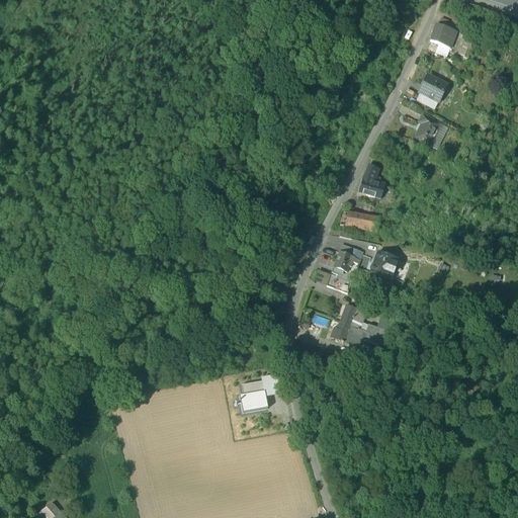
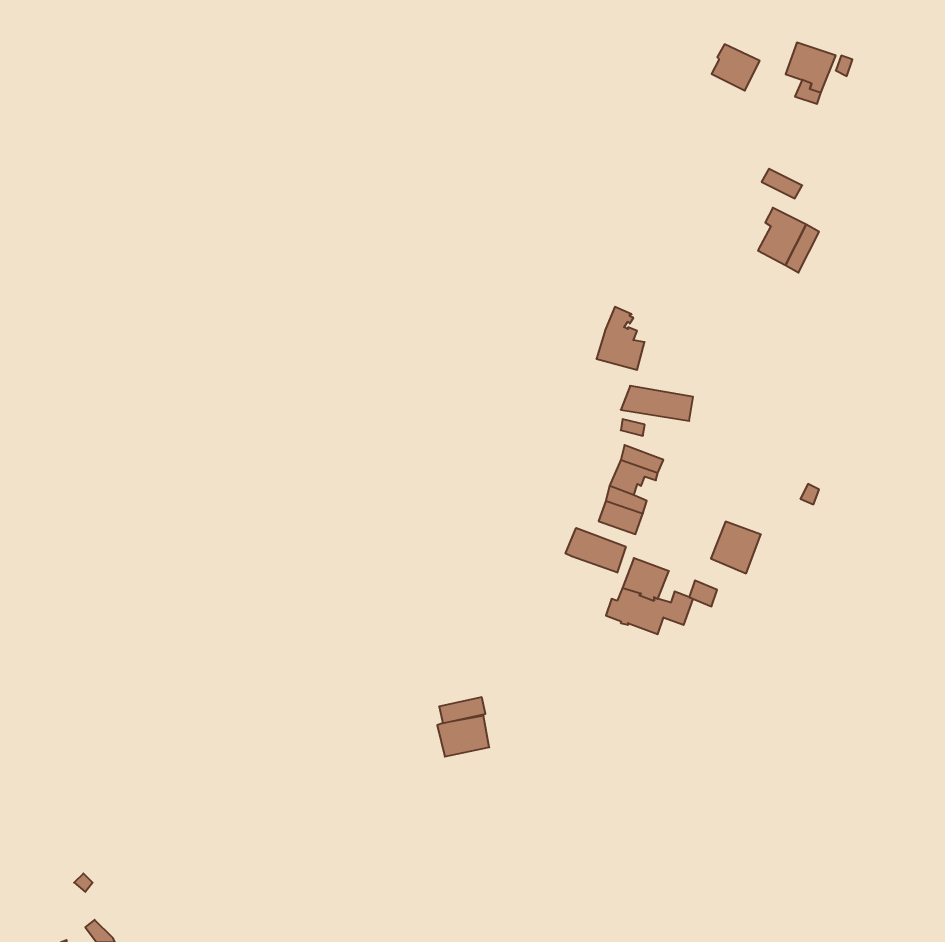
building: [421,76,447,101] -> [712,44,760,91]
building: [359,163,385,197] -> [596,307,645,370]
building: [371,251,399,279] -> [711,522,761,573]
building: none -> [566,528,626,573]

